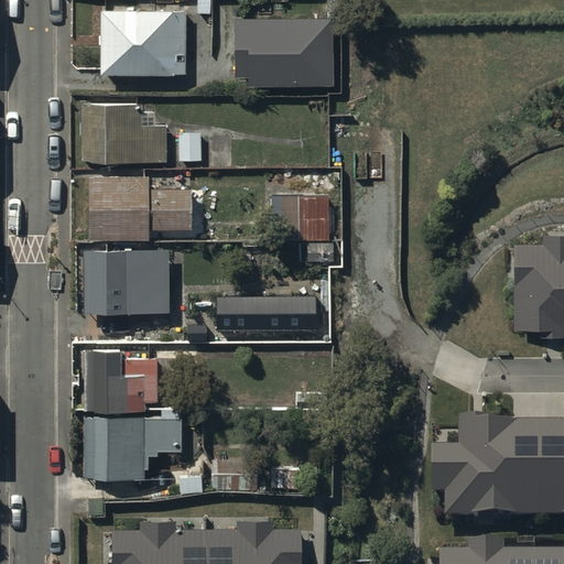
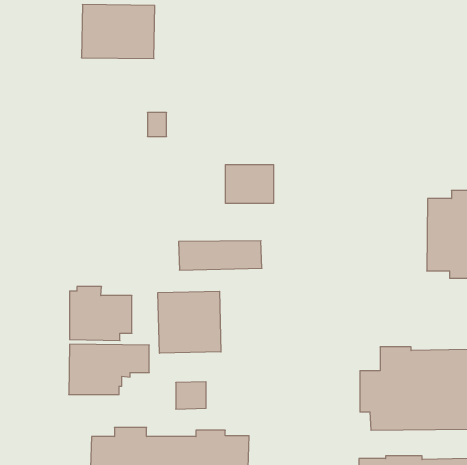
building: [234,15,333,84] -> none
building: [83,107,167,169] -> none
building: [90,185,192,248] -> none
building: [84,253,171,321] -> none
building: none -> [158,291,221,353]

